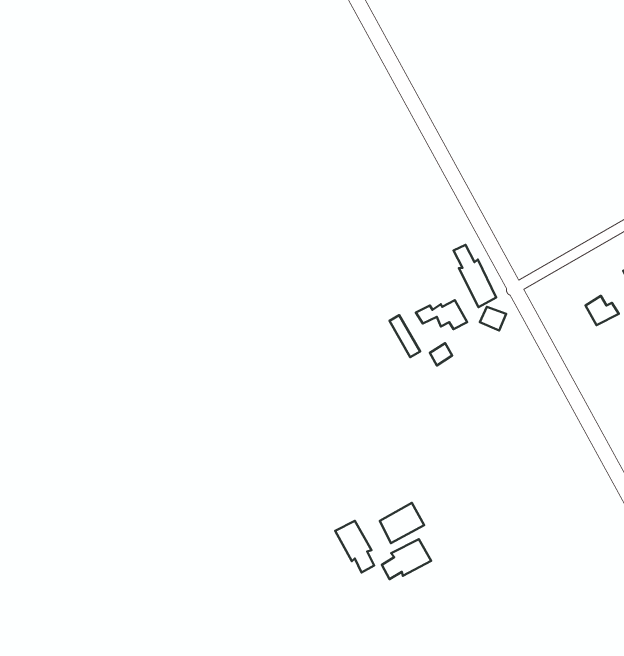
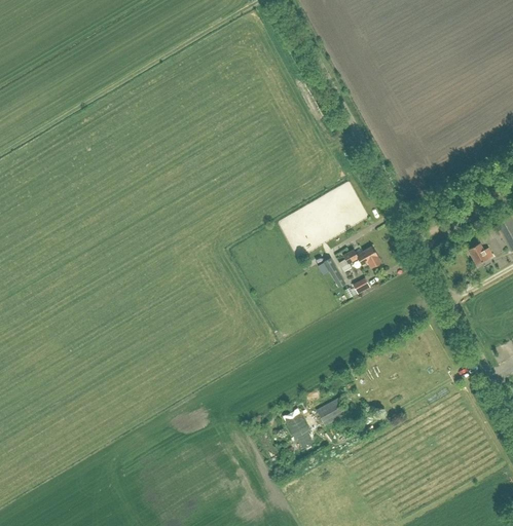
building: [453,245,496,307] -> none
building: [382,539,431,579] -> none

